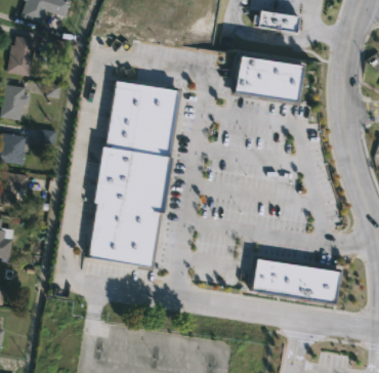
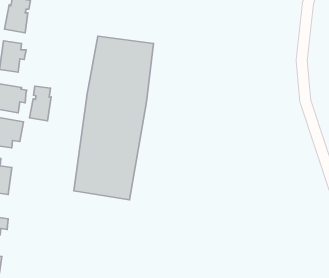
building: [231,52,301,100] -> none
building: none -> [29,86,51,121]
building: [251,256,340,301] -> none

